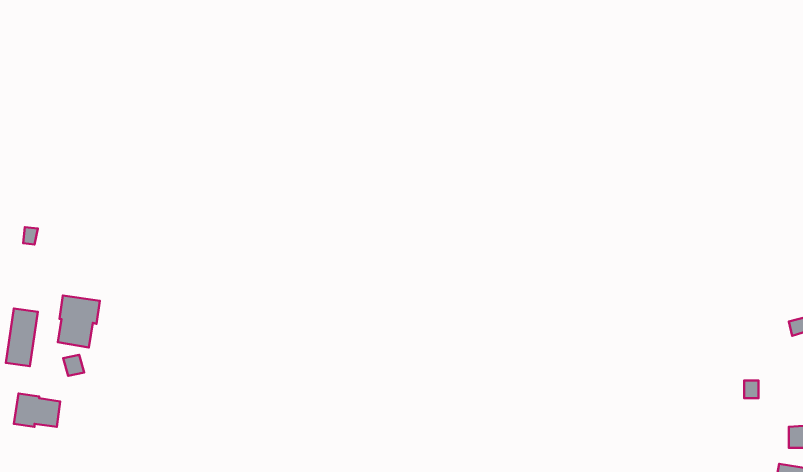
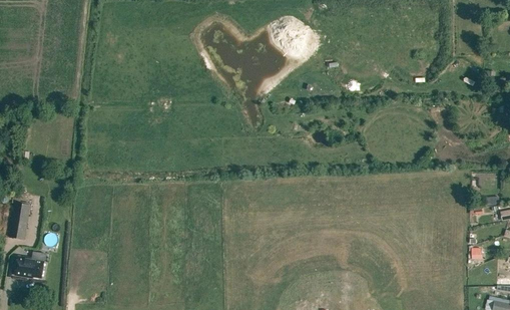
building: [58,296,100,348] -> none

